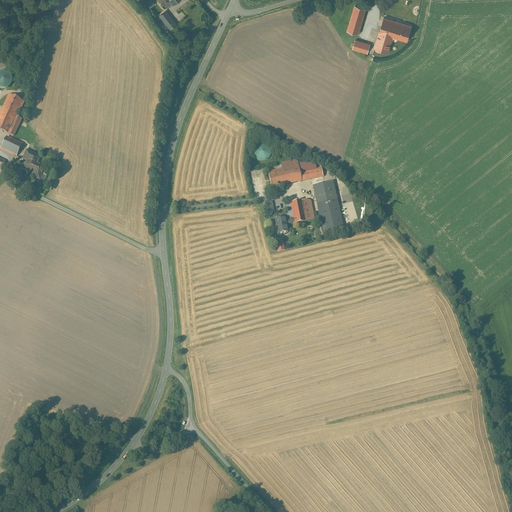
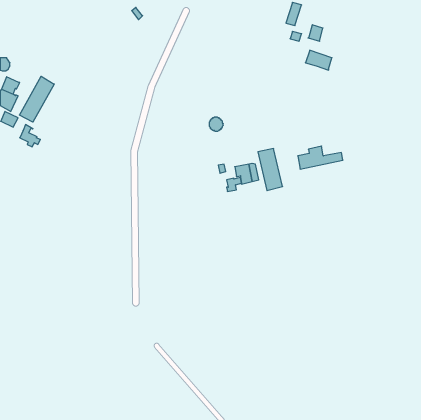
building: [379,15,411,39] -> [305,50,332,70]
building: none -> [19,76,54,122]
building: [268,158,323,186] -> [298,146,343,169]

